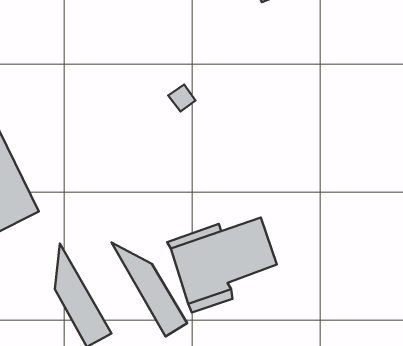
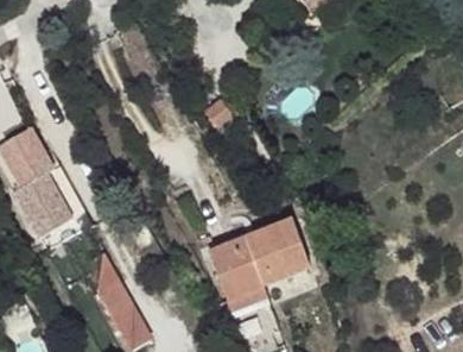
building: [111,243,187,336] -> none

